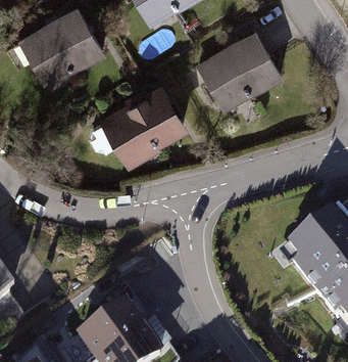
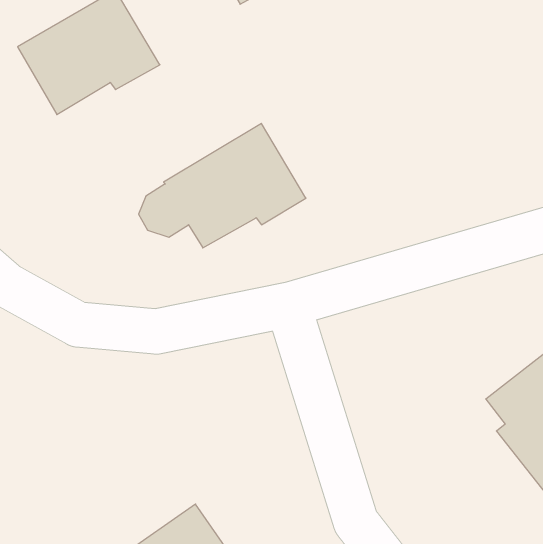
building: [199,32,281,103] -> none

